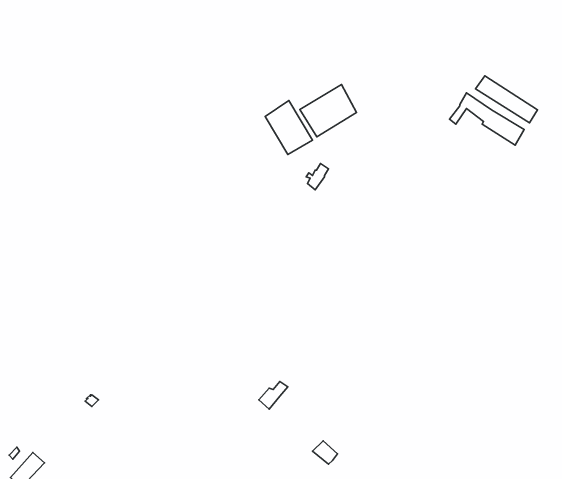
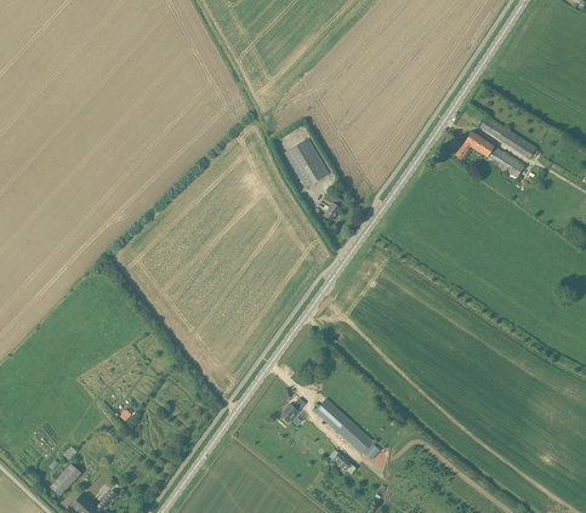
building: [300,84,357,137] -> none
building: none -> [312,398,374,455]

